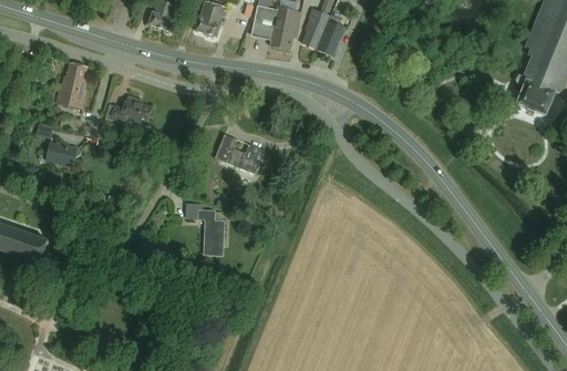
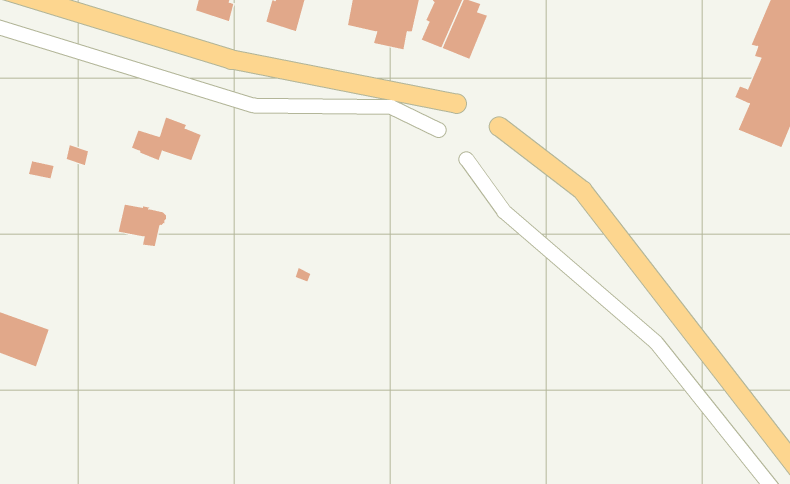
building: [56,62,87,107] -> none
building: [215,134,266,171] -> none
building: [47,142,80,171] -> [118,204,167,247]
building: [187,204,224,255] -> none

